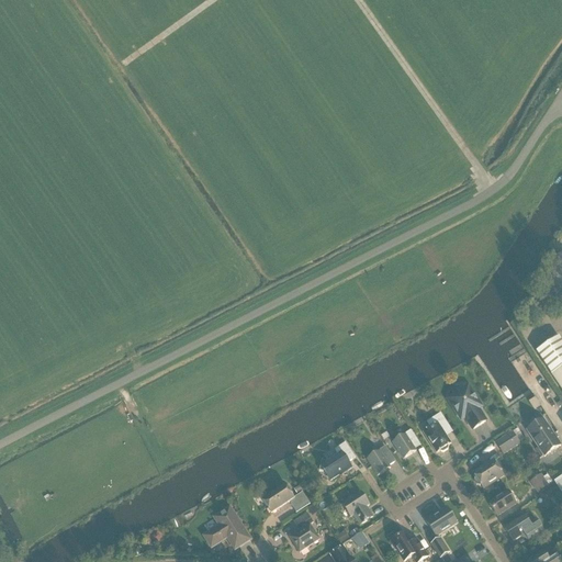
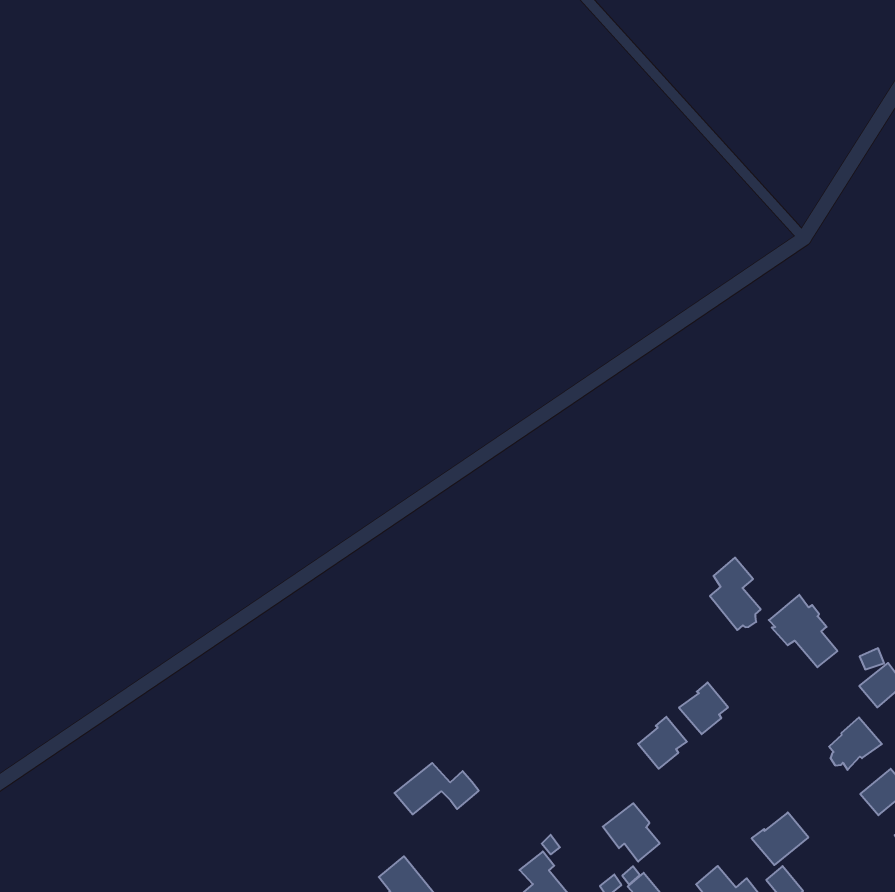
building: [423,411,450,451] -> [710,558,761,630]
building: [318,440,355,479] -> none
building: [261,483,308,510] -> [394,763,479,814]

